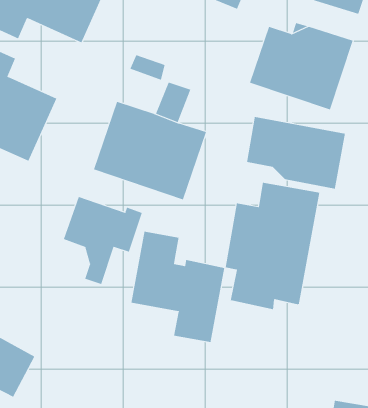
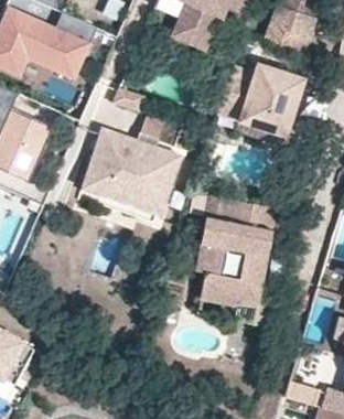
building: [247,116,346,190] -> none
building: [63,196,143,285] -> none
building: [131,231,225,343] -> none

